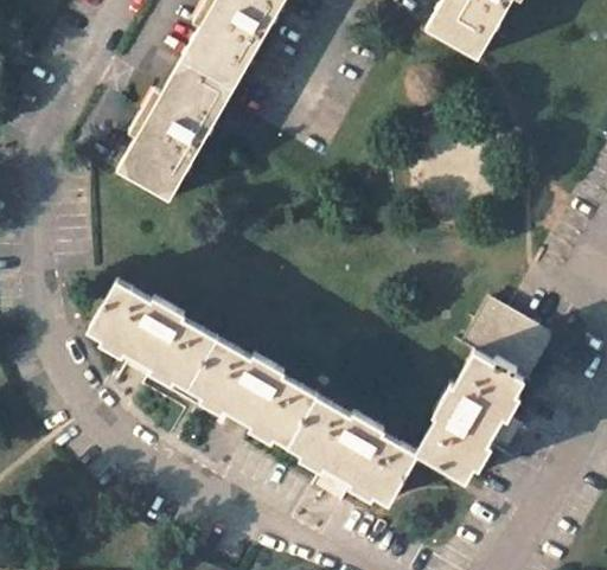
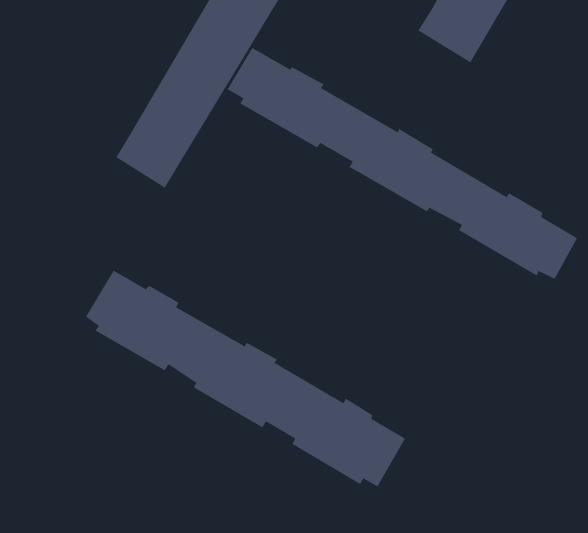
building: none -> [227,47,578,279]
building: [417,290,551,476] -> none

